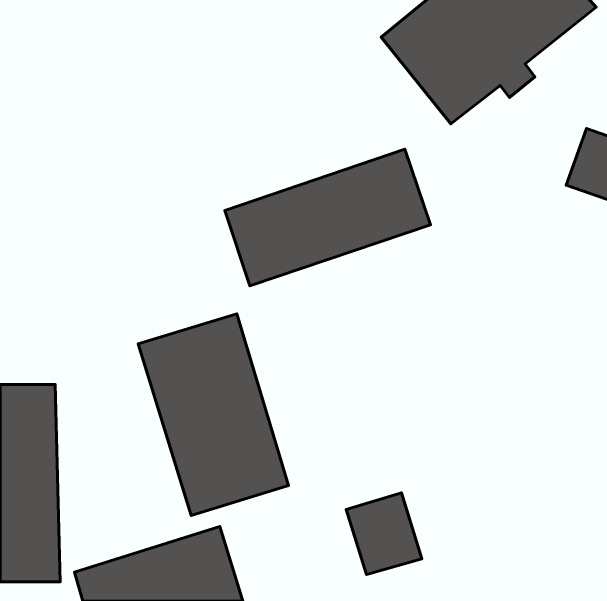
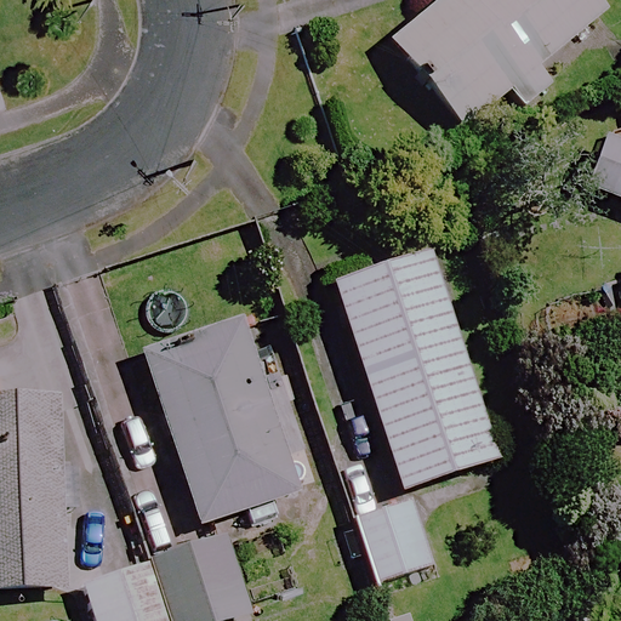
building: [225,149,430,286] -> none
building: none -> [334,247,500,488]

